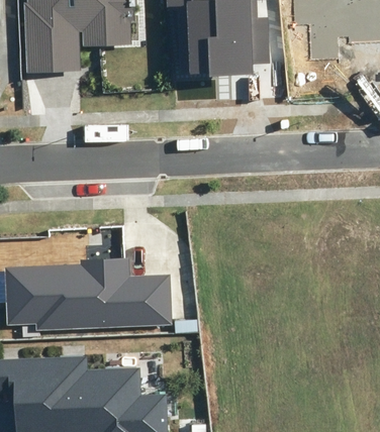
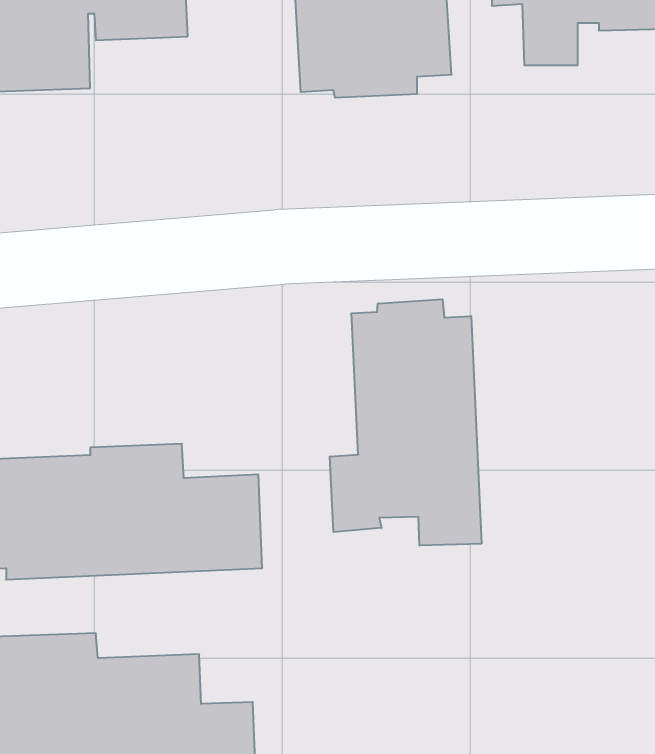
building: none -> [330,299,481,546]

